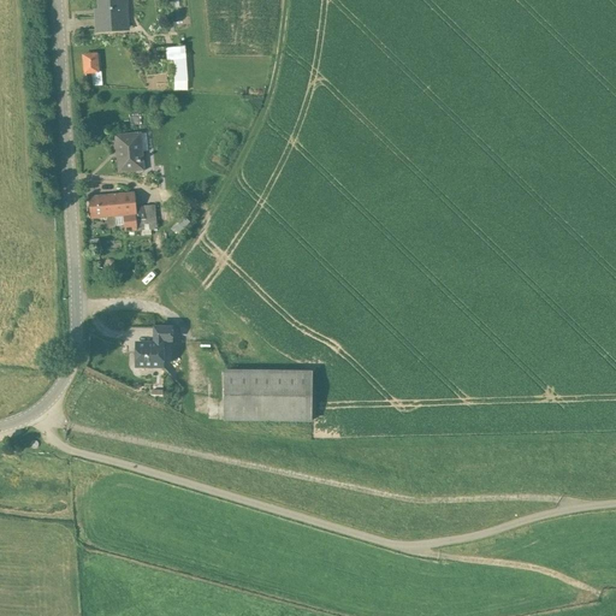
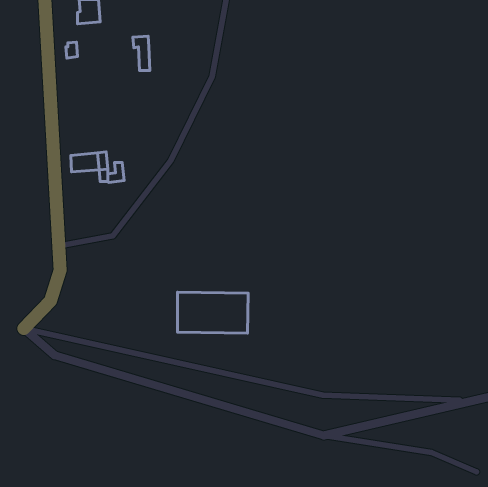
building: [116,132,144,171] -> none
building: [135,325,173,367] -> none

